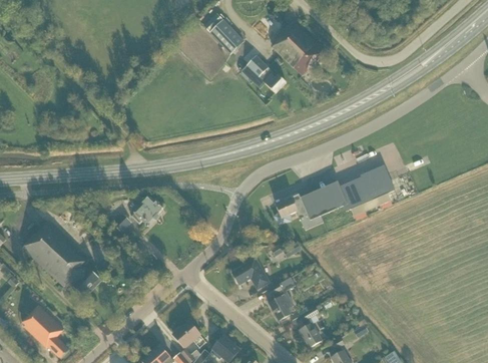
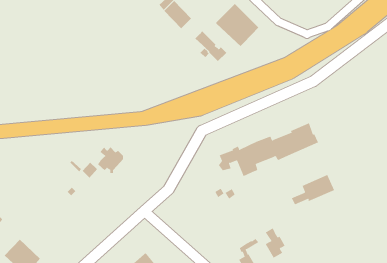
building: [22,220,99,296] -> none
building: none -> [291,174,335,205]
building: [232,257,269,289] -> none
building: [269,283,294,320] -> [265,228,286,259]

